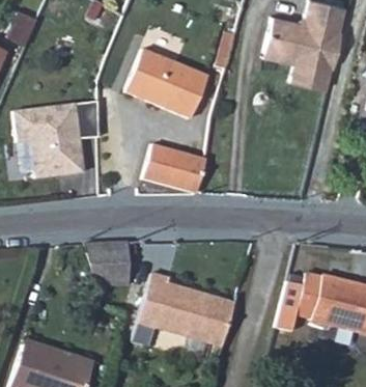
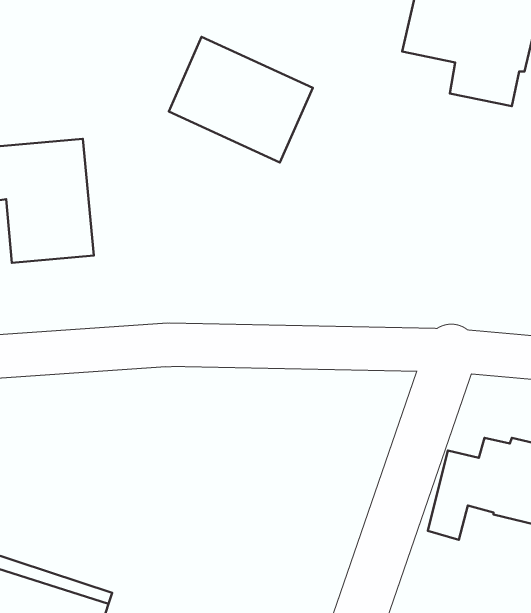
building: [143,142,207,192] -> none
building: [85,242,132,286] -> none
building: [131,280,234,354] -> none

